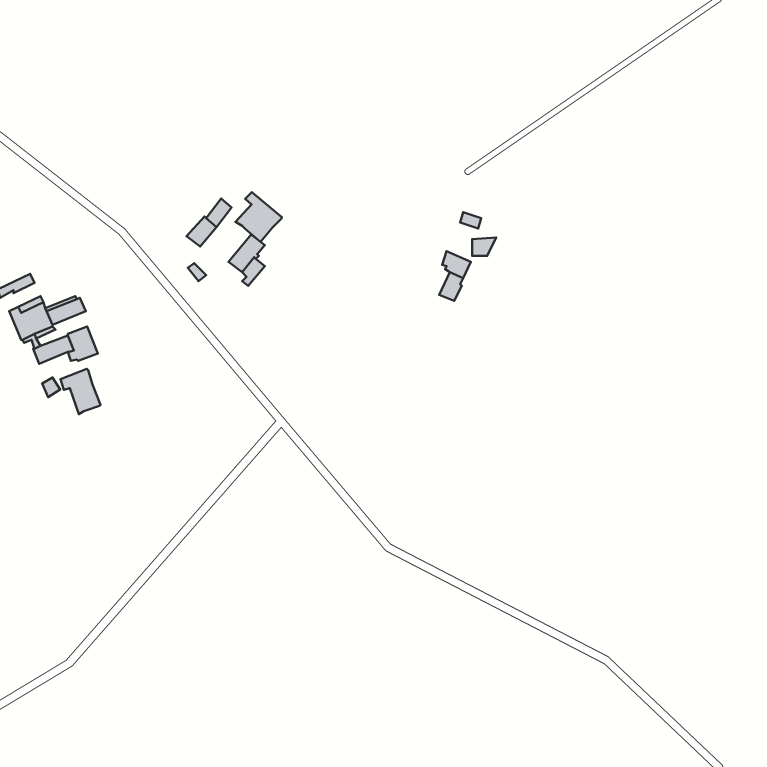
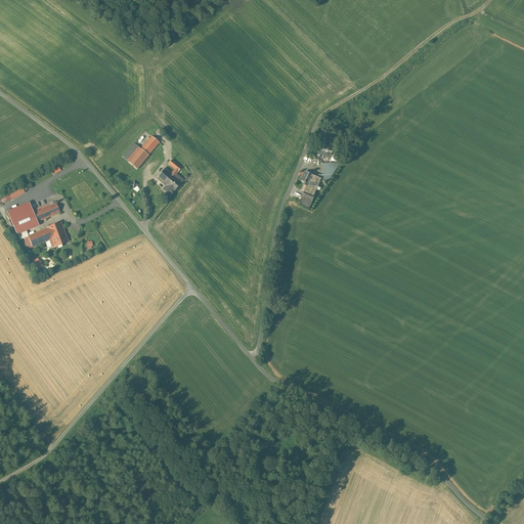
building: [236,192,282,242] -> none
building: [61,369,101,414] -> none

